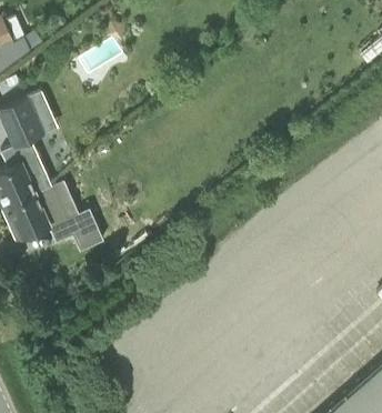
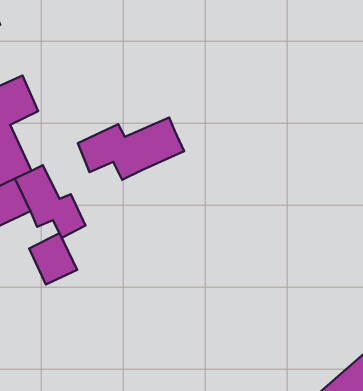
building: none -> [78,118,184,180]
building: none -> [29,233,77,284]

